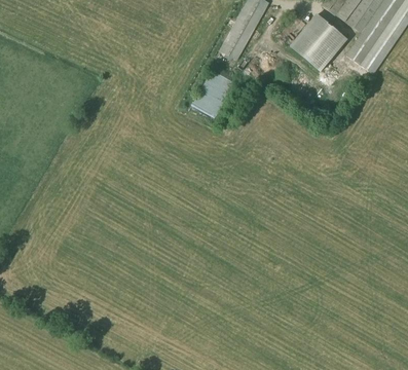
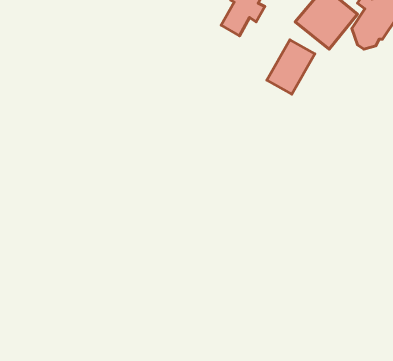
building: [191,69,236,120] -> [267,40,315,94]

